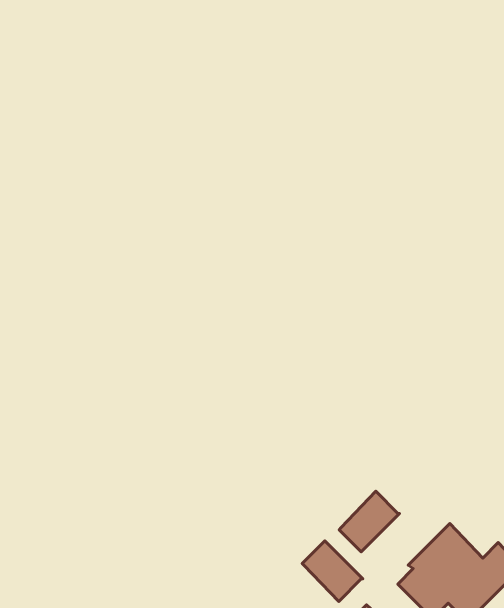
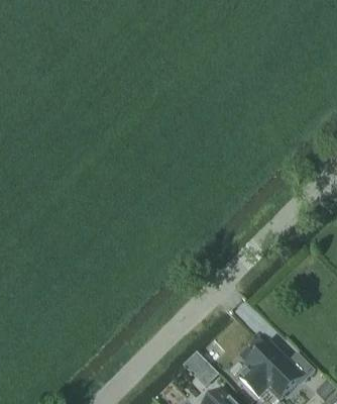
building: [339,491,400,552] -> none

